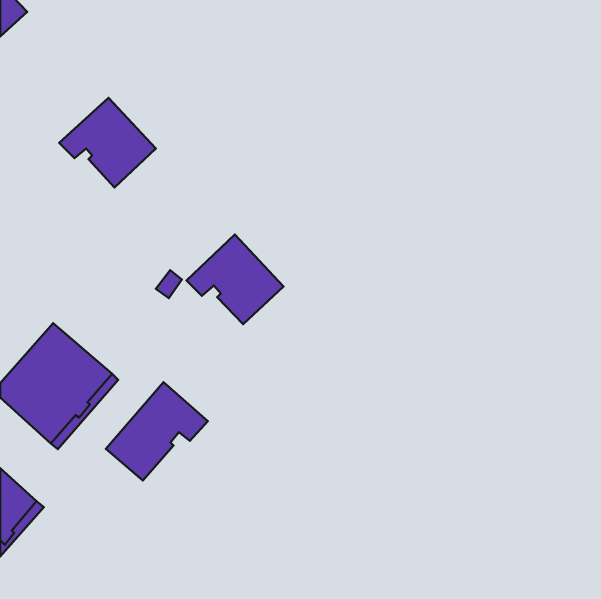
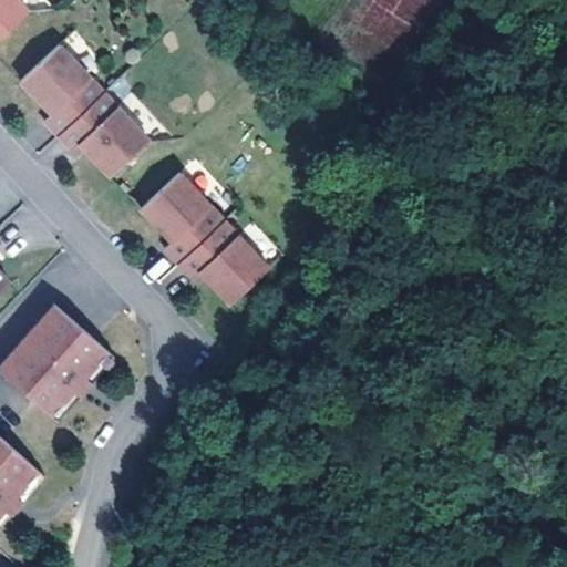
building: none -> [20,43,104,134]
building: none -> [140,173,223,264]
building: [106,382,208,481] -> none

